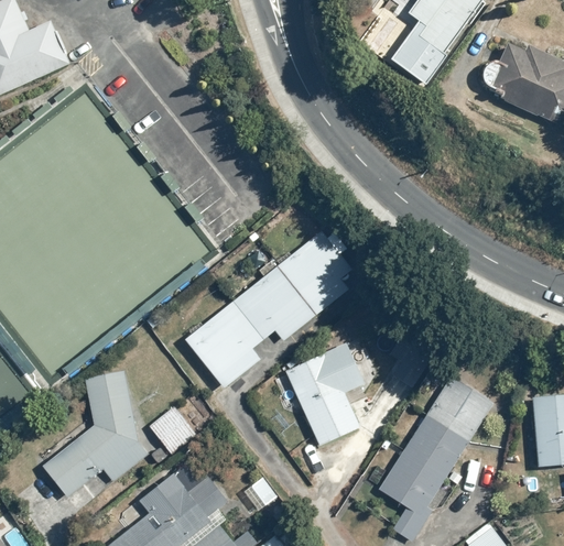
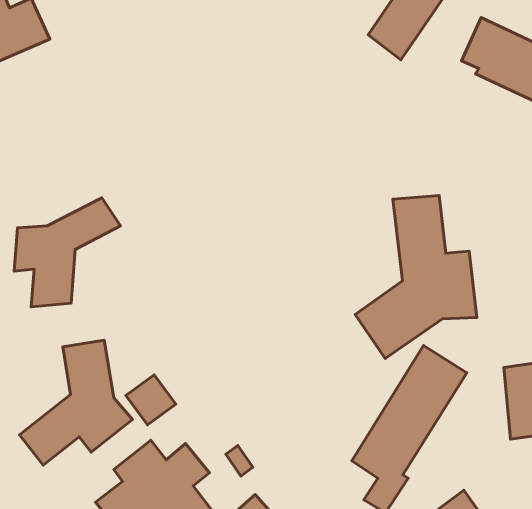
building: none -> [355,196,477,359]
building: none -> [14,198,121,307]
building: [182,229,361,392] -> none
building: [284,340,361,446] -> none

